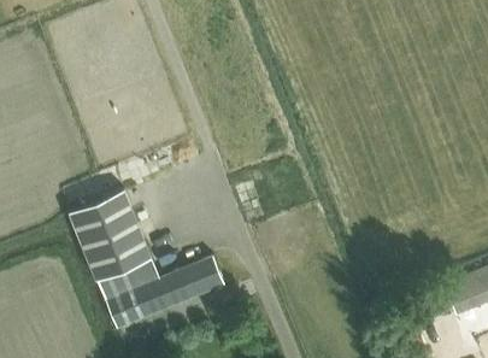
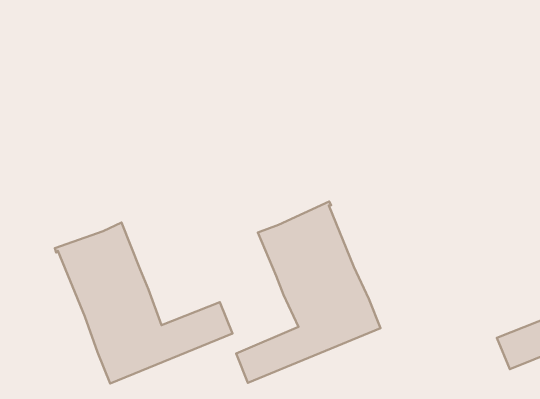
building: none -> [236,202,381,383]

